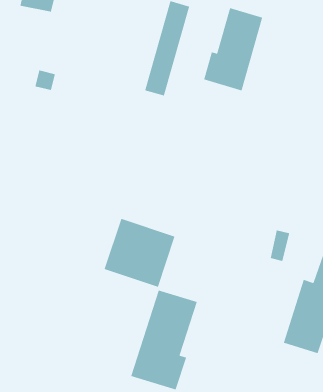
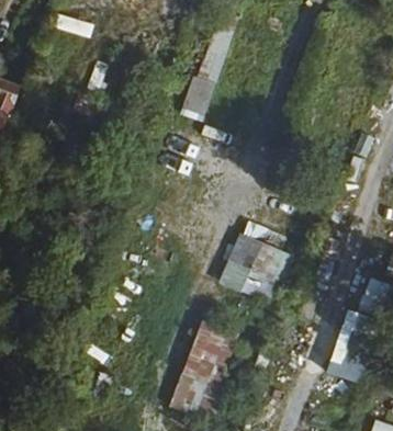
building: [203,7,263,92] -> none
building: [104,218,176,288] -> [218,231,292,303]

